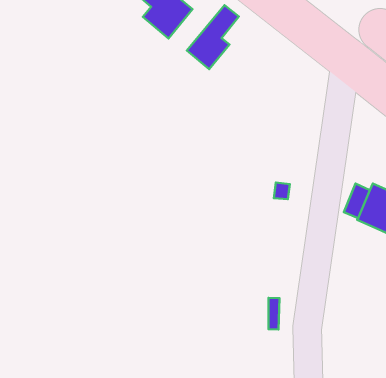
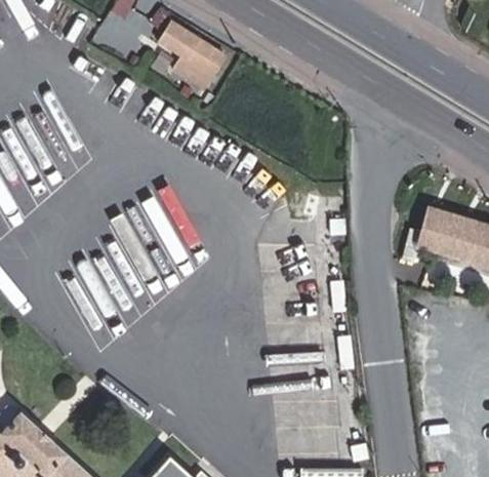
building: [187,5,239,69] -> none

